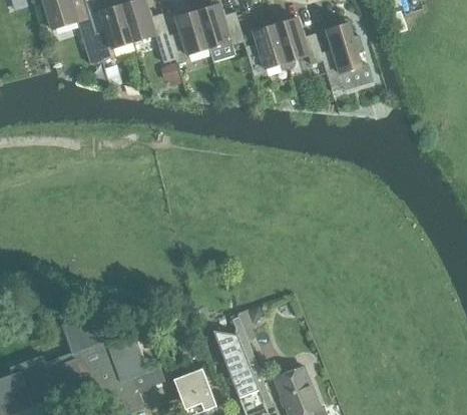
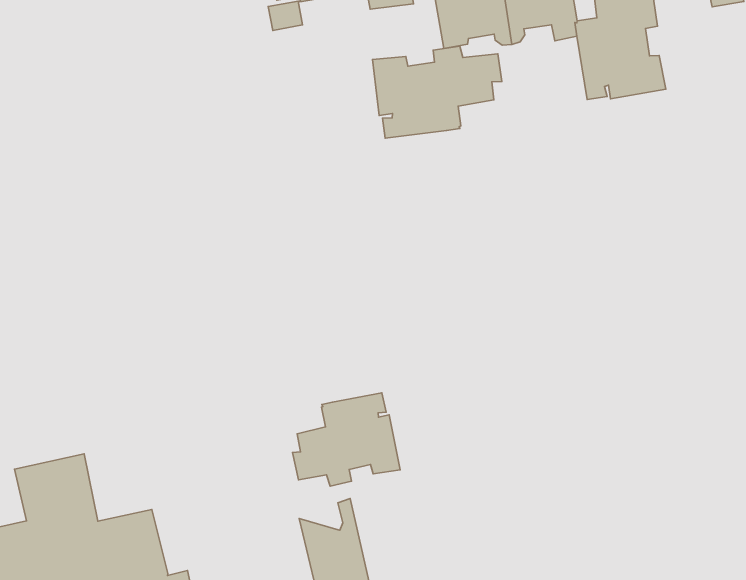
building: none -> [373,46,502,138]
building: none -> [292,393,400,486]

